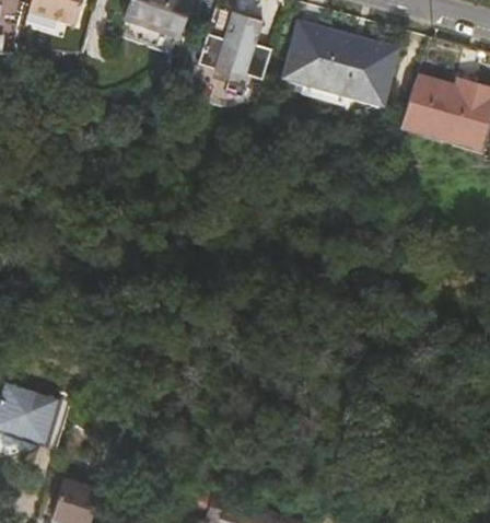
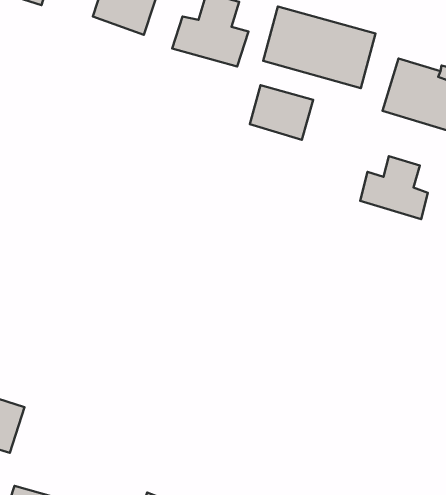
building: none -> [250,85,313,140]
building: none -> [360,156,428,219]

